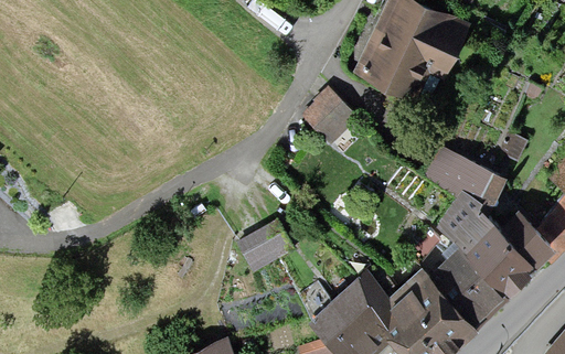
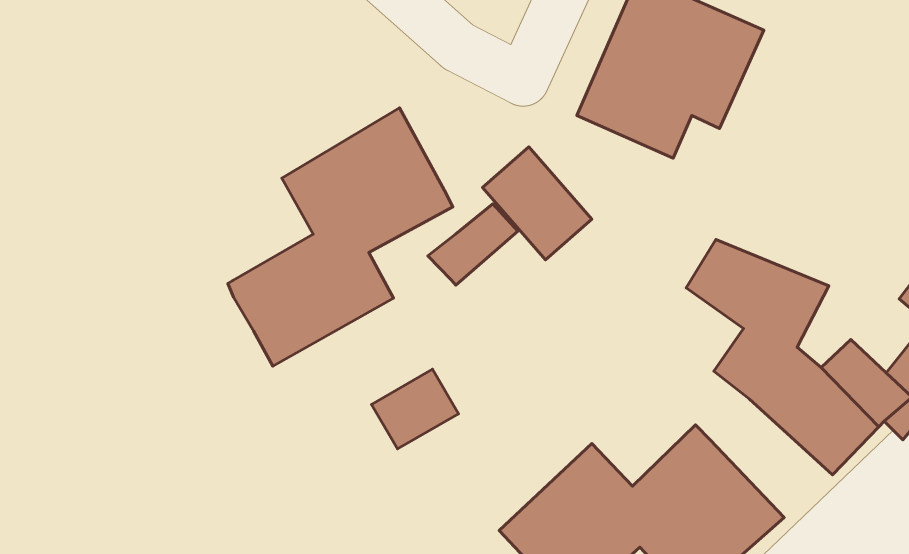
building: none -> [228,108,453,366]
building: none -> [428,204,518,285]
building: [437,242,510,312] -> none

